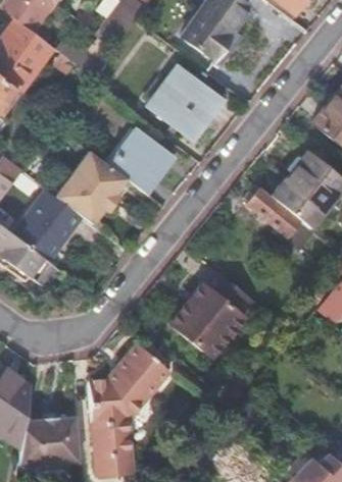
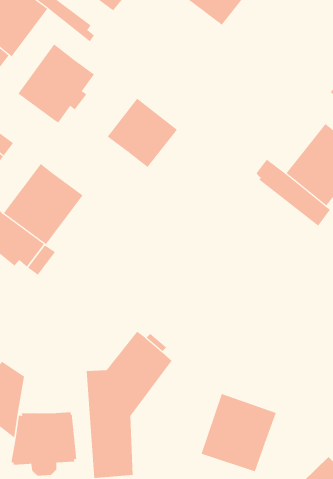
building: [148,64,225,141] -> none
building: [56,150,128,223] -> [17,43,95,123]
building: [172,280,248,357] -> none
building: none -> [201,393,277,472]

